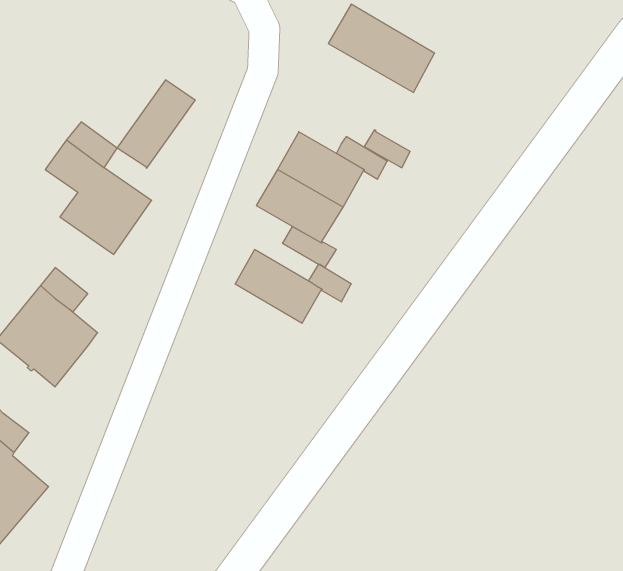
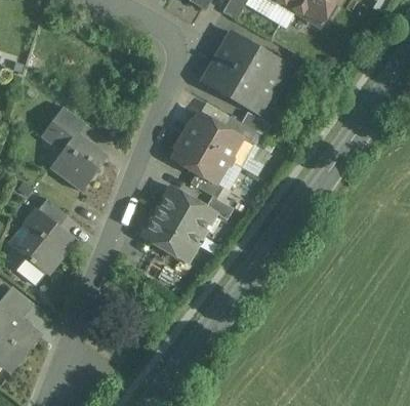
building: none -> [204,57,272,113]
building: [117,80,195,168] -> none
building: none -> [144,208,202,261]

